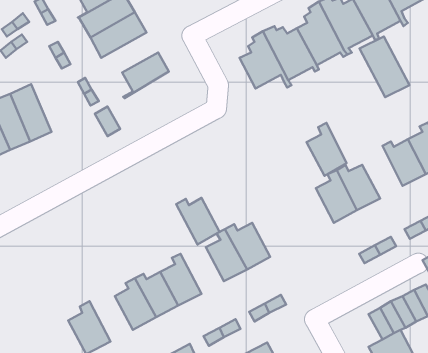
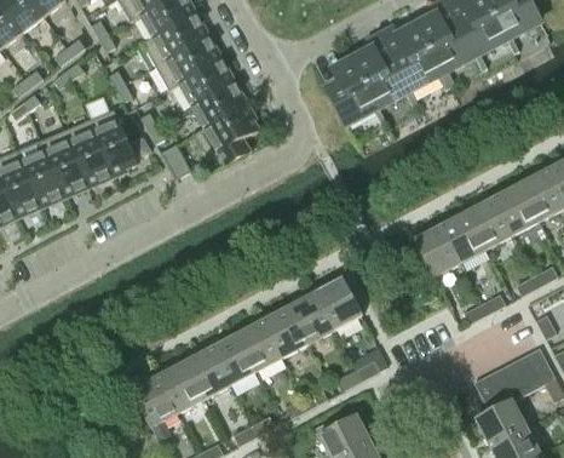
building: none -> [167,59,232,105]
building: [360,36,409,97] -> none
building: none -> [194,104,259,164]
building: none -> [87,109,136,173]
building: [306,123,347,176] -> [466,189,512,250]
building: [176,198,220,244] -> [258,305,307,359]
building: none -> [154,361,203,413]

